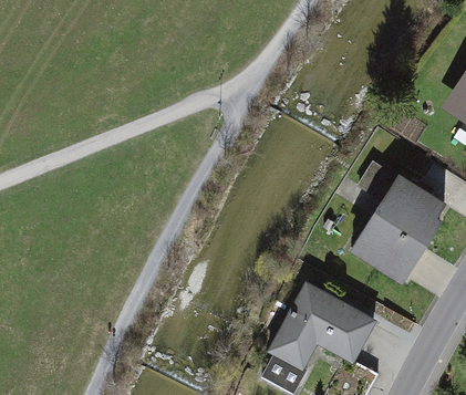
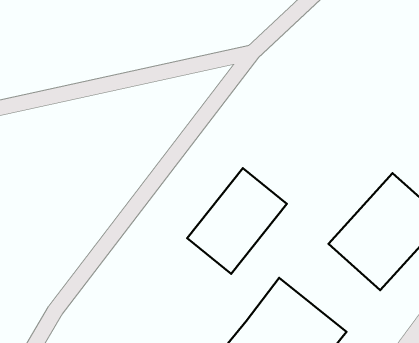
building: none -> [187,168,287,274]

